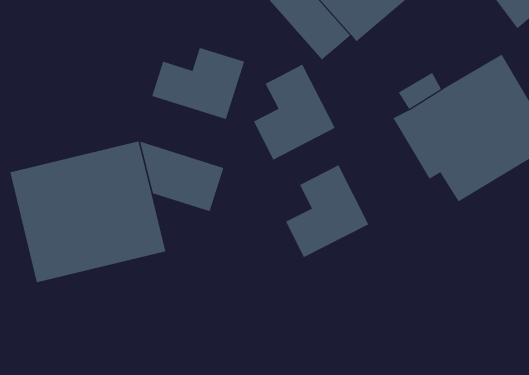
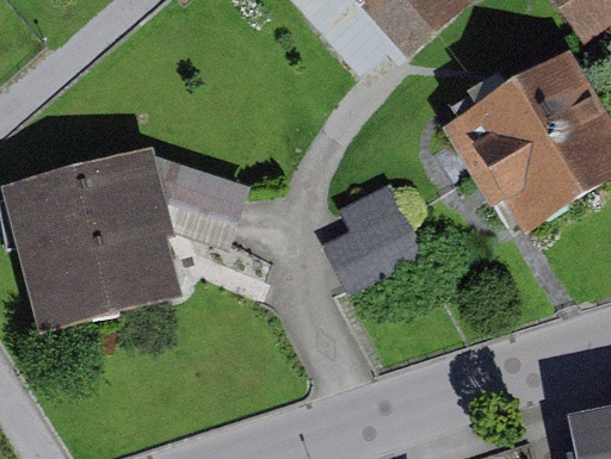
building: [151,47,245,120] -> none
building: [253,64,335,160] -> none

